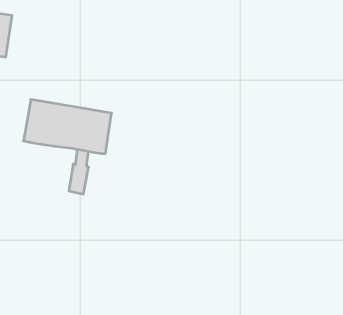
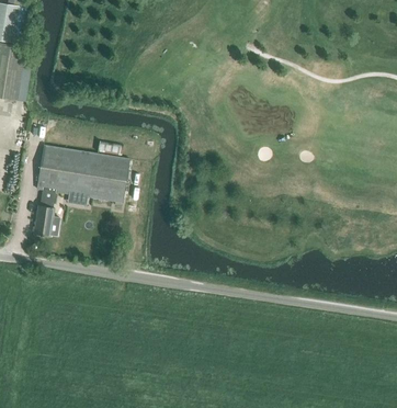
building: [69,150,89,194] -> [34,190,55,237]

